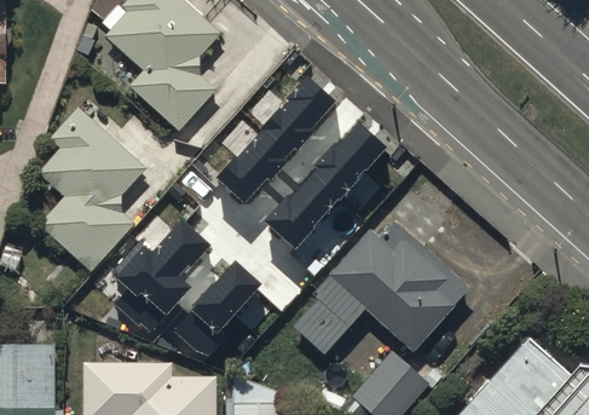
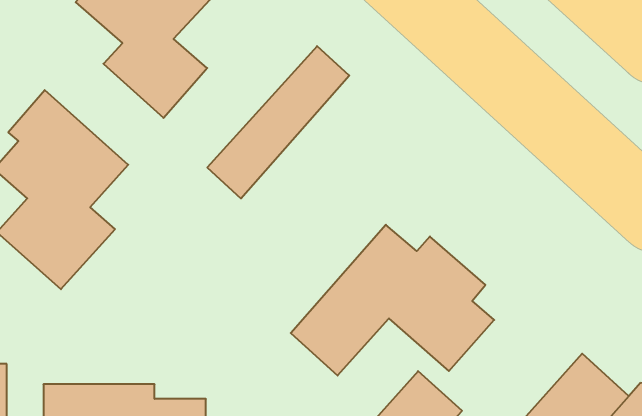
building: [266,123,386,248] -> none
building: [111,225,206,333] -> none
building: [172,266,258,358] -> none

